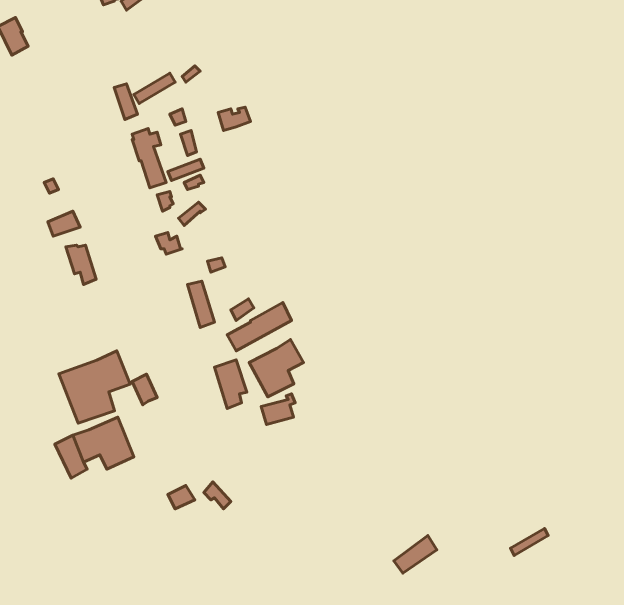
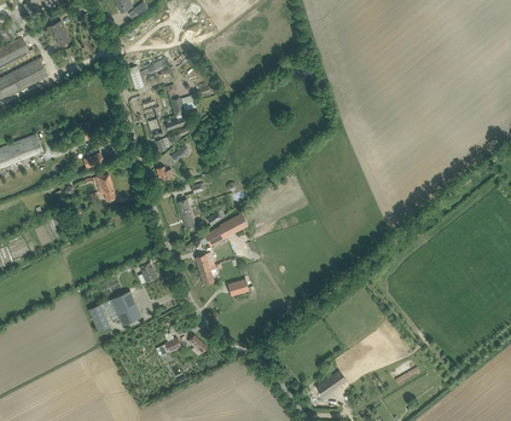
building: [249,339,304,397] -> none
building: [59,351,130,423] -> none

